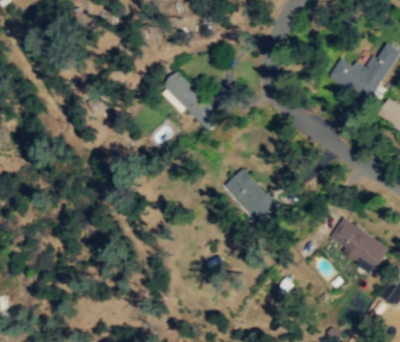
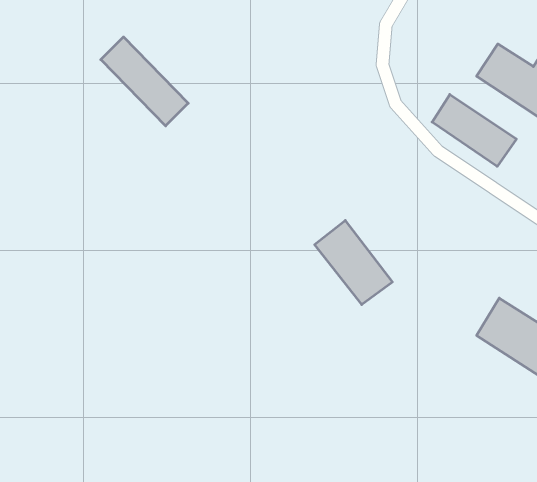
building: [162,70,218,127] -> [101,37,188,126]
building: none -> [432,94,516,166]

